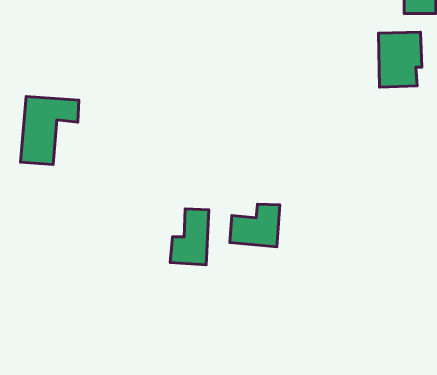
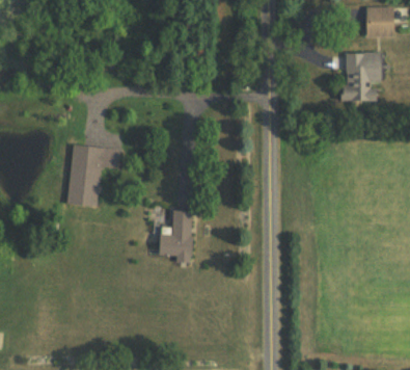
building: [20,97,79,164] -> [65,146,117,206]
building: [230,204,280,247] -> none

